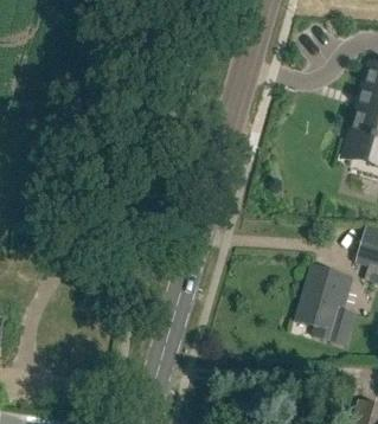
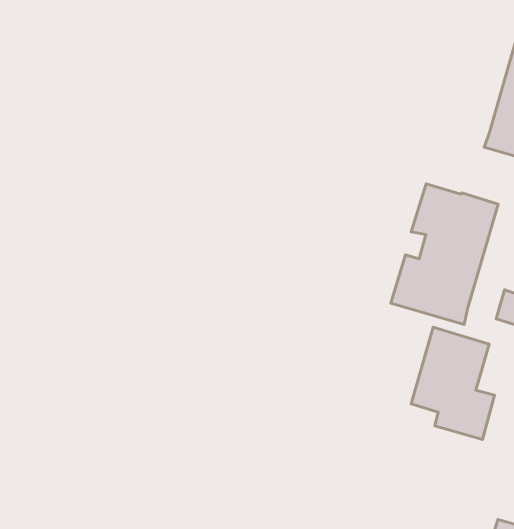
building: none -> [391,184,498,324]

